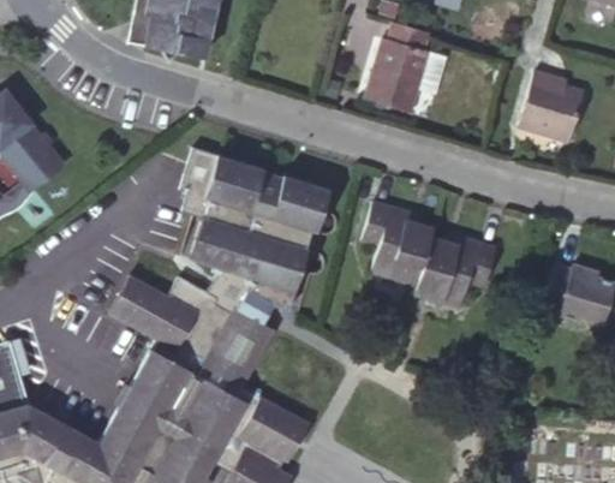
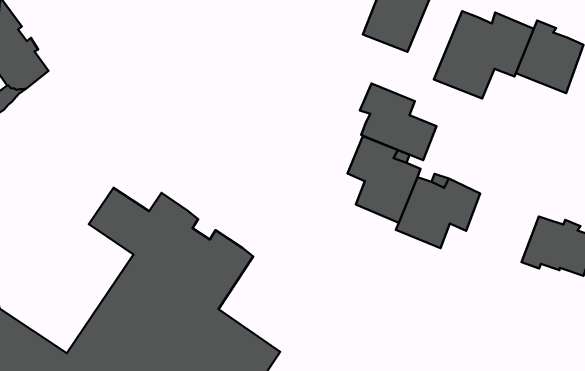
building: none -> [434,11,534,99]
building: [178,147,324,324] -> none
building: none -> [360,84,436,160]

